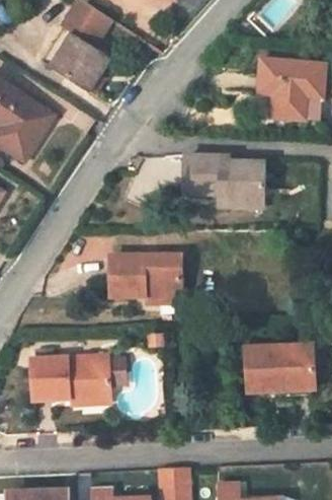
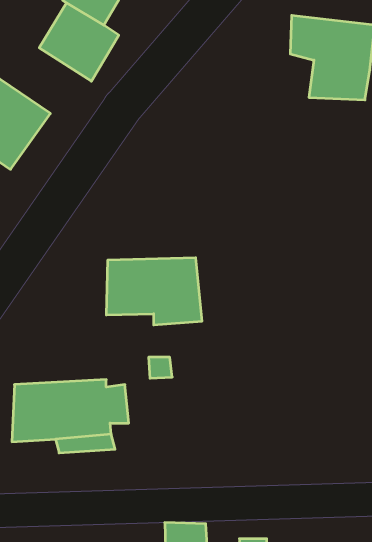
building: [183,151,265,206] -> none
building: [241,338,315,388] -> none

